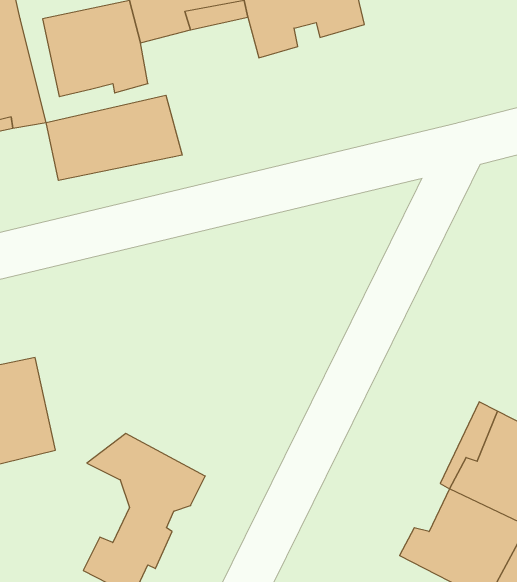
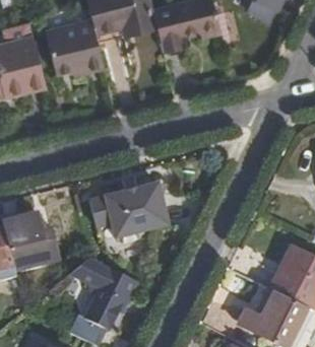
building: [46,95,182,180] -> none
building: none -> [89,182,169,237]

